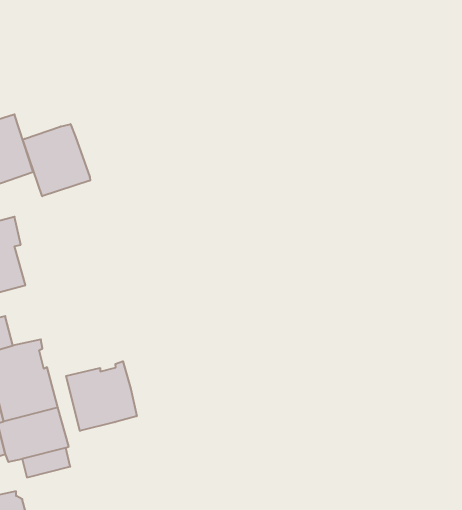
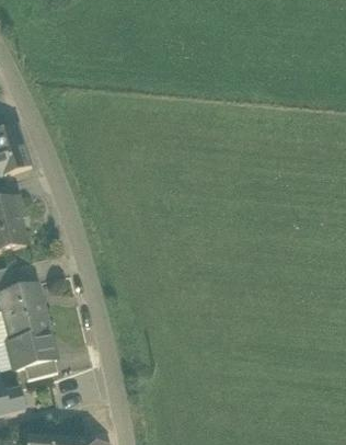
building: [23,124,90,196] -> none
building: [66,361,137,431] -> none

